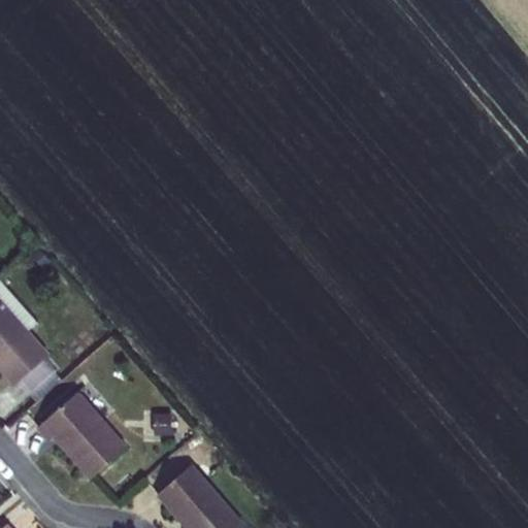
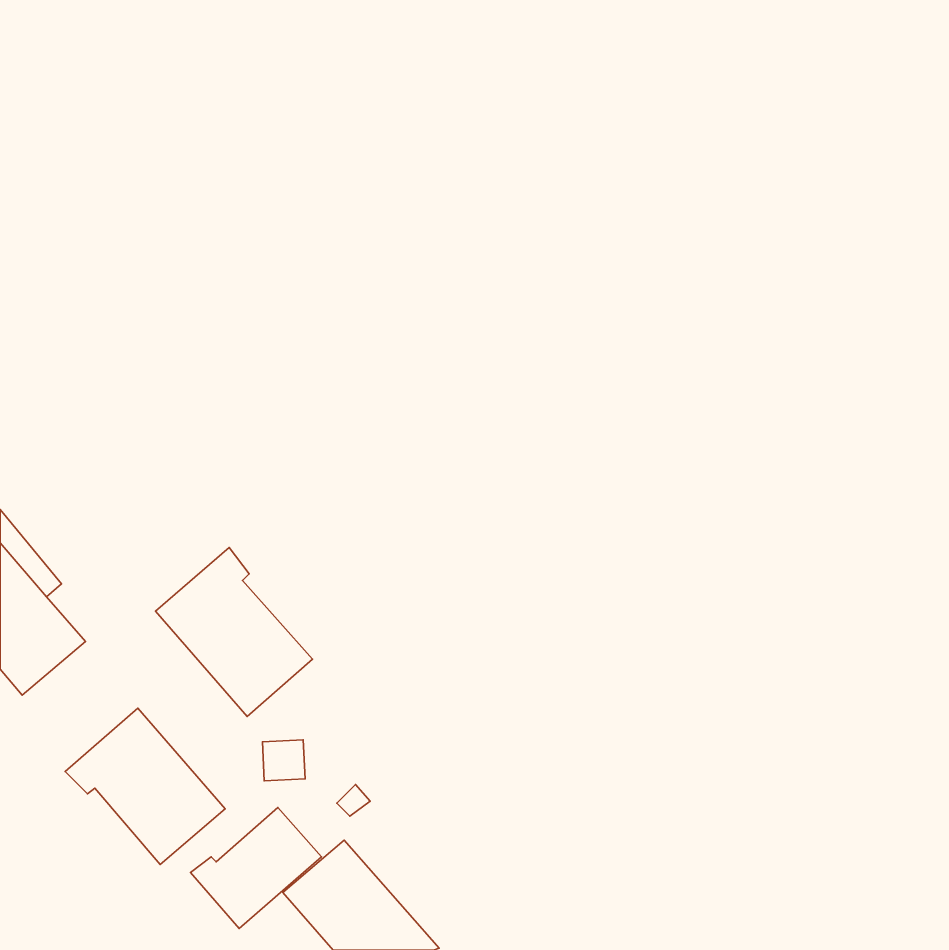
building: none -> [155,547,312,717]
building: none -> [191,807,322,928]

